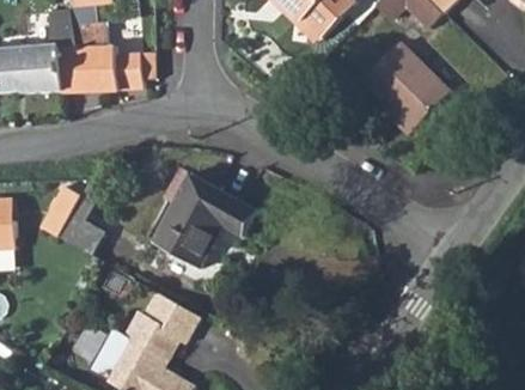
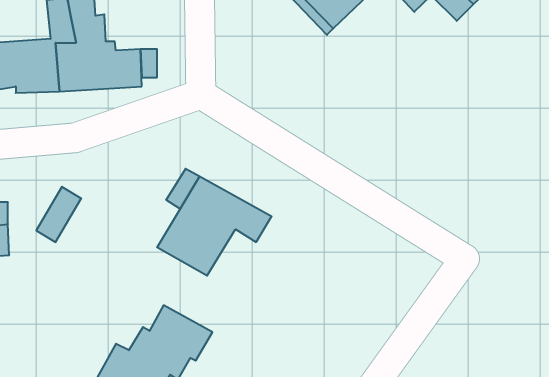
building: [362,47,448,139] -> none
building: [57,175,105,252] -> none

